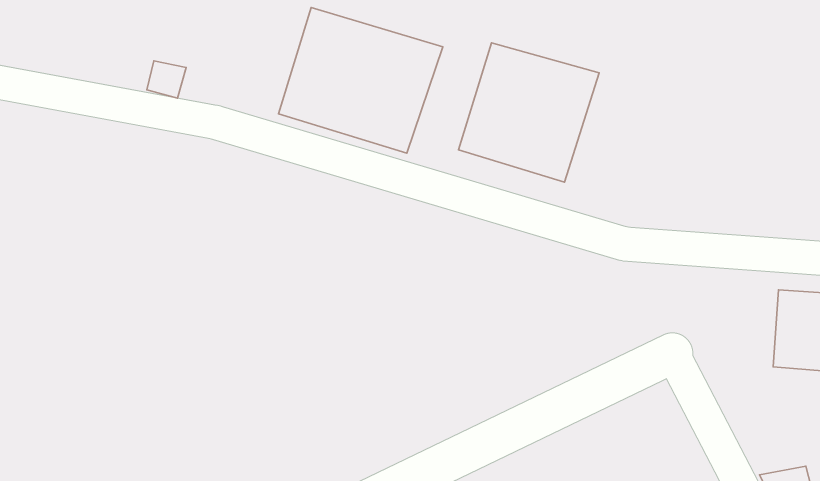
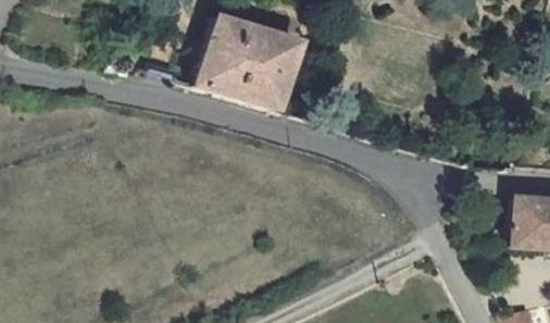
building: [459,43,599,182] -> none

